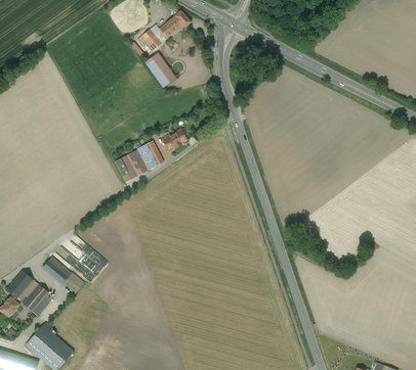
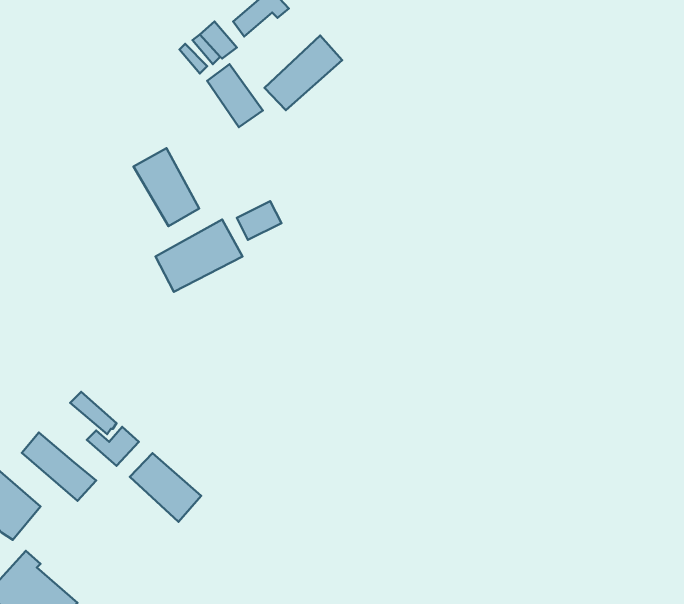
building: none -> [265,36,342,110]
building: none -> [133,148,199,226]
building: none -> [130,453,201,522]

